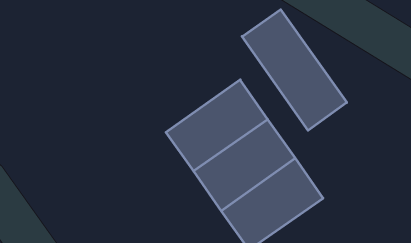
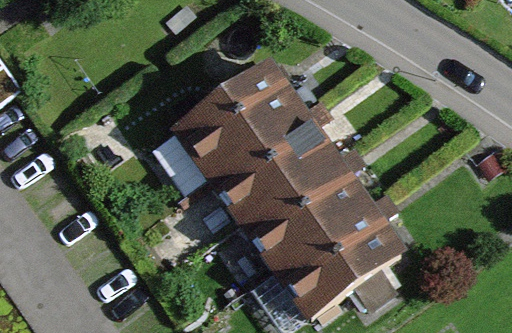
building: [242,10,347,130] -> none
building: none -> [183,69,302,176]

